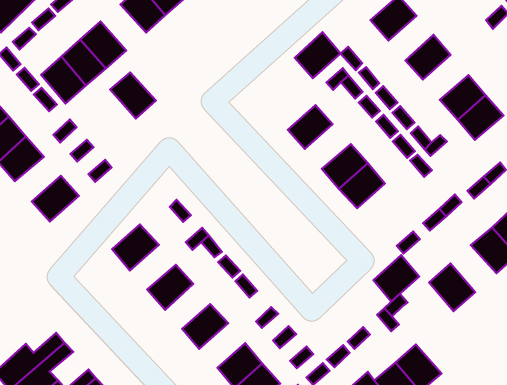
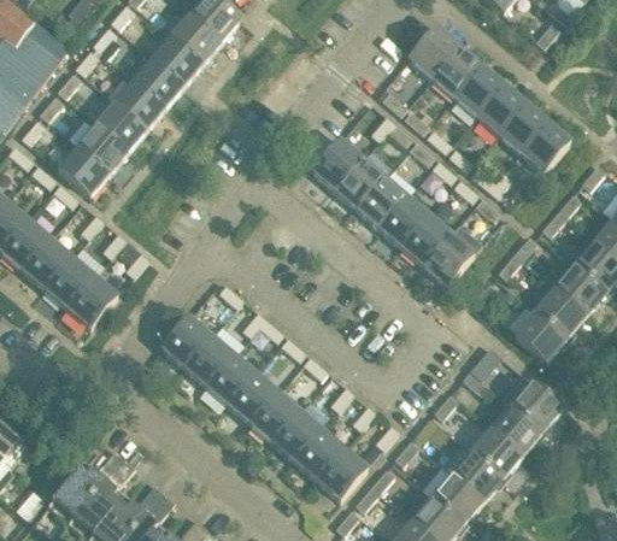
building: none -> [431,46,480,96]
building: [295,32,341,78] -> [312,139,362,190]
building: none -> [475,83,524,134]
building: [110,72,156,119] -> [113,80,165,129]
building: none -> [357,177,406,228]
building: none -> [45,248,102,308]
building: none -> [184,336,234,387]
building: none -> [534,288,586,339]
building: [373,255,419,301] -> [423,234,472,286]
building: none -> [229,374,277,424]
building: none -> [272,411,322,461]
building: none -> [509,381,562,433]

